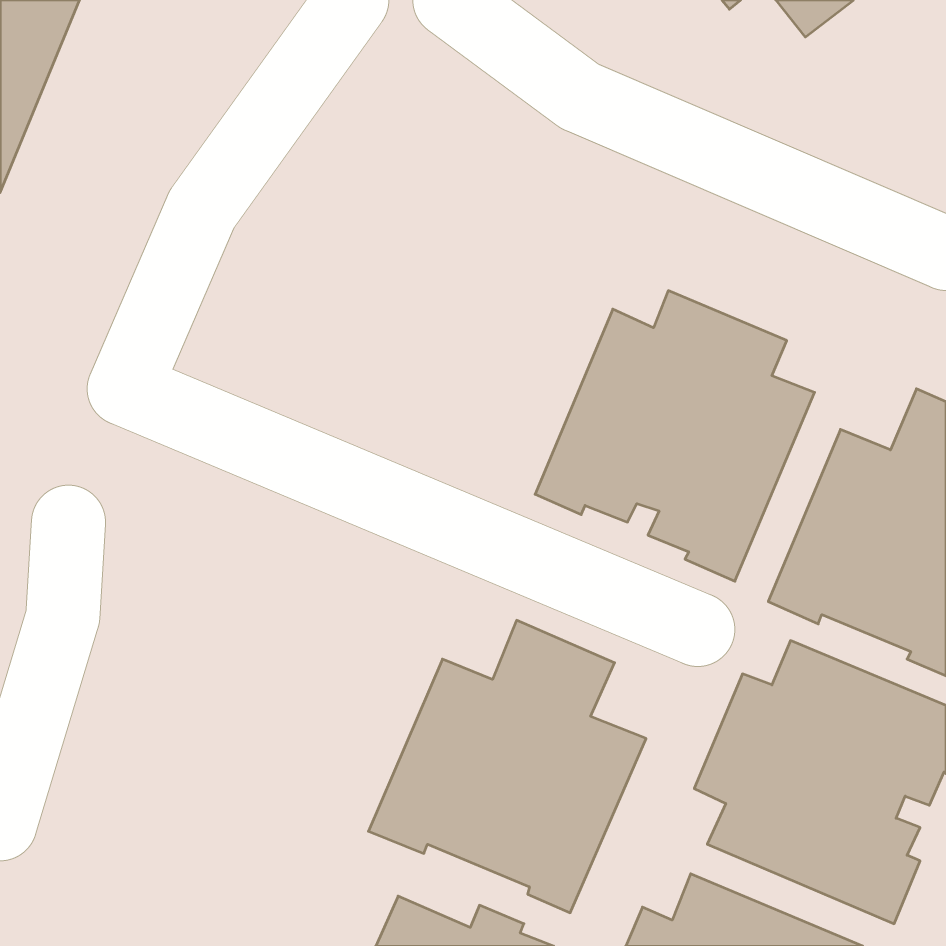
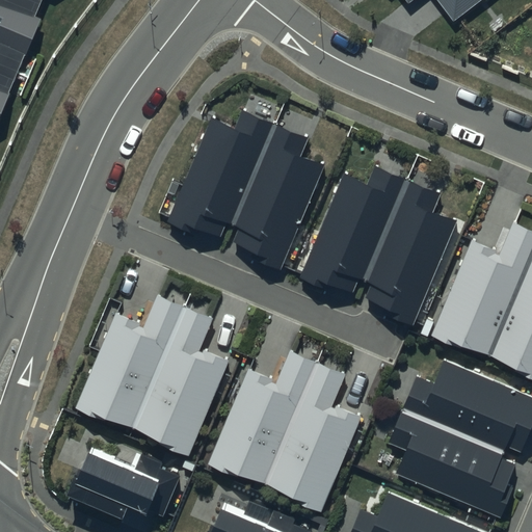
building: none -> [168,108,325,271]
building: none -> [76,293,231,457]
building: none -> [68,447,179,520]

